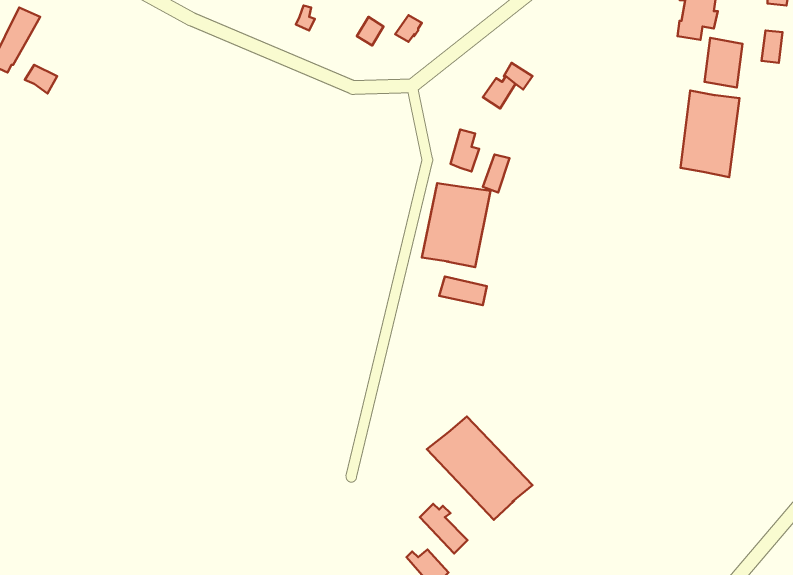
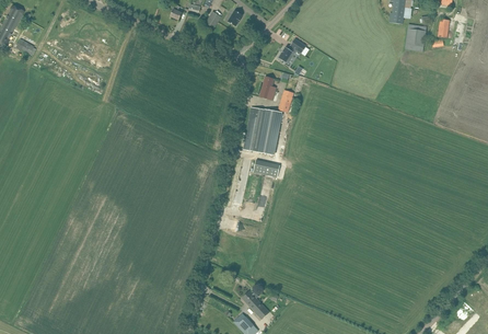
building: [681,91,739,177] -> none
building: [427,416,532,520] -> none

